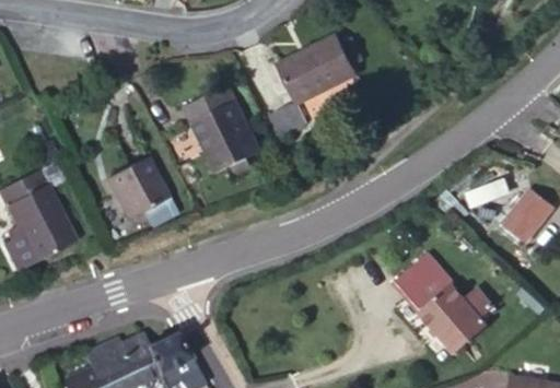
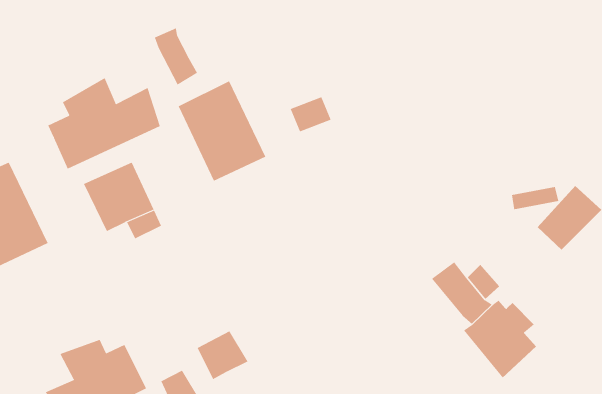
building: [280,36,358,106] -> none
building: none -> [154,28,198,86]
building: none -> [48,77,161,169]
building: [139,322,185,366] -> [197,331,248,380]

